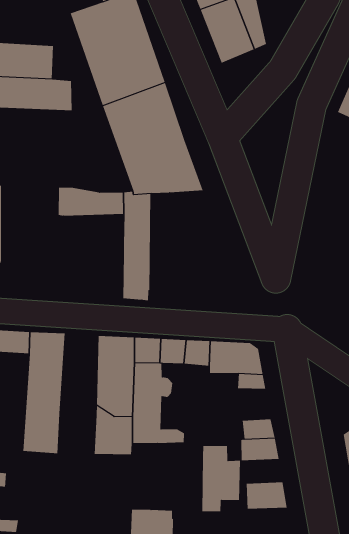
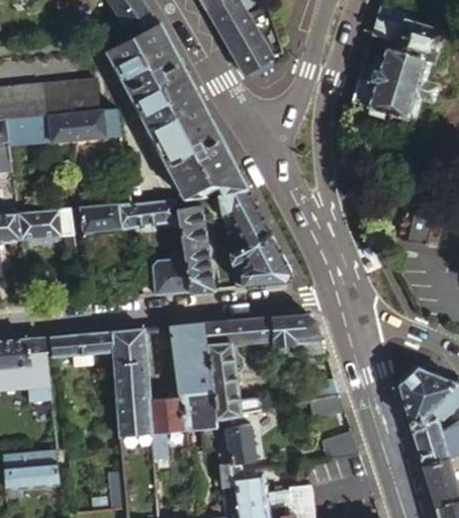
building: none -> [78,202,121,250]
building: none -> [216,187,290,287]
building: none -> [152,252,188,294]
building: none -> [148,397,182,461]
building: [201,446,241,512] -> [214,414,254,474]

